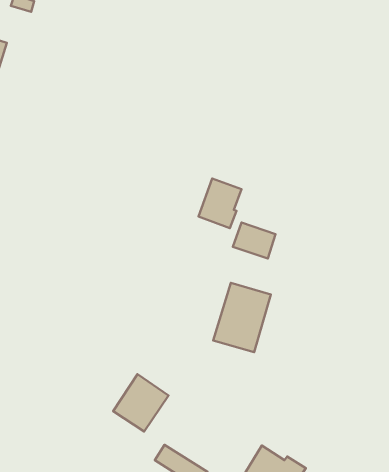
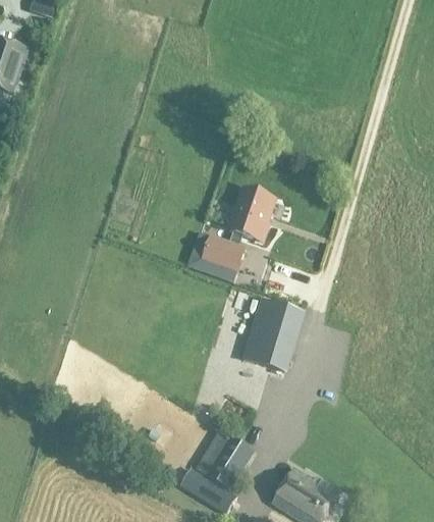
building: [233,222,276,258] -> [202,233,247,271]
building: [113,374,169,432] -> [196,428,254,488]

